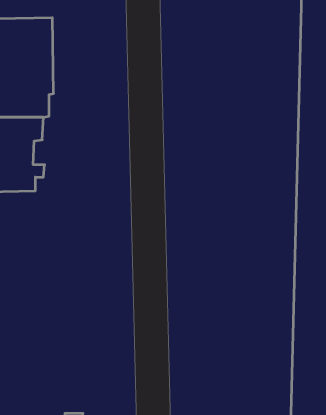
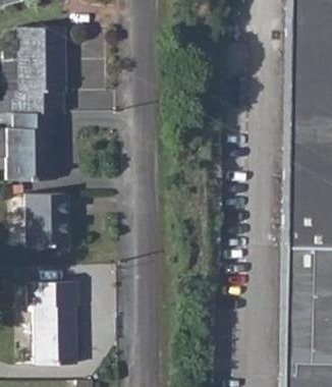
building: none -> [26,192,68,247]
building: none -> [30,280,79,364]

